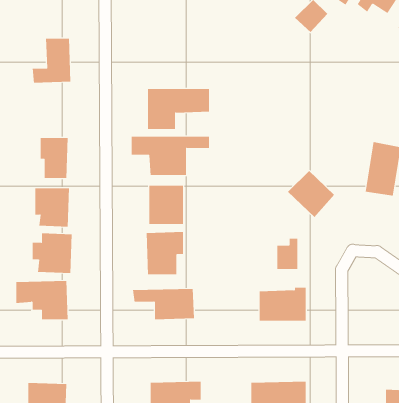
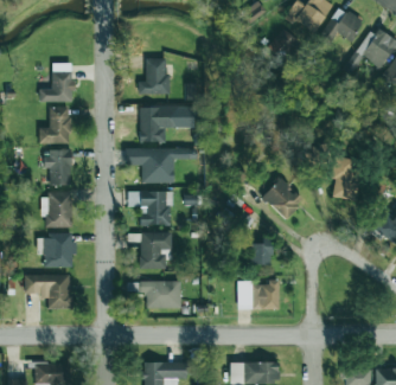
building: none -> [139,58,168,94]
building: none -> [39,107,70,143]

